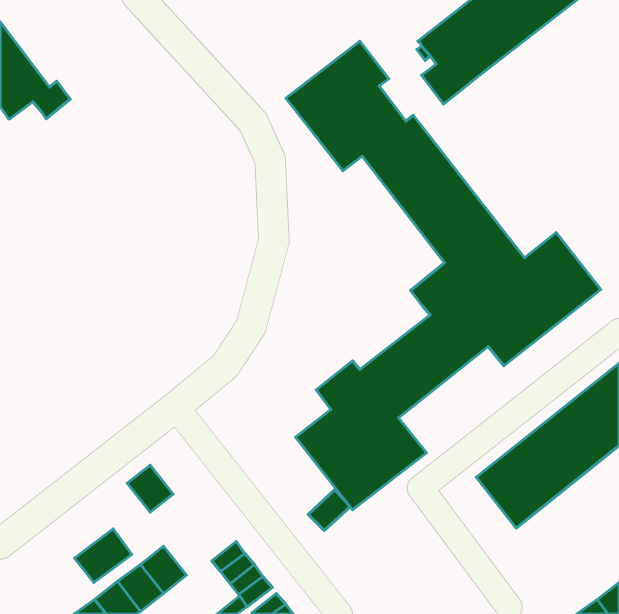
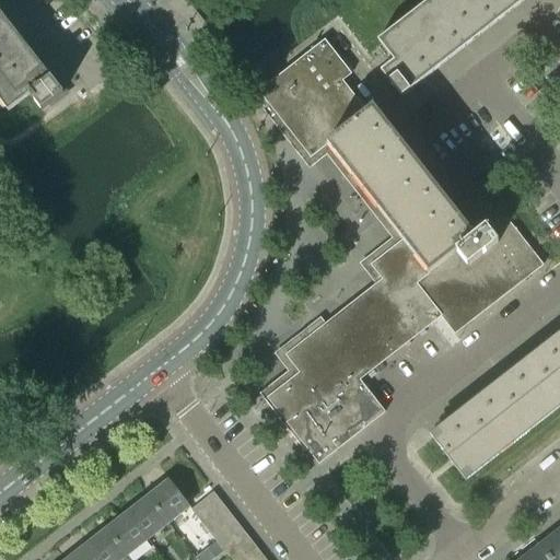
building: [127,465,173,512] -> [148,477,189,520]
building: [308,490,350,531] -> none
building: [75,529,132,582] -> none

